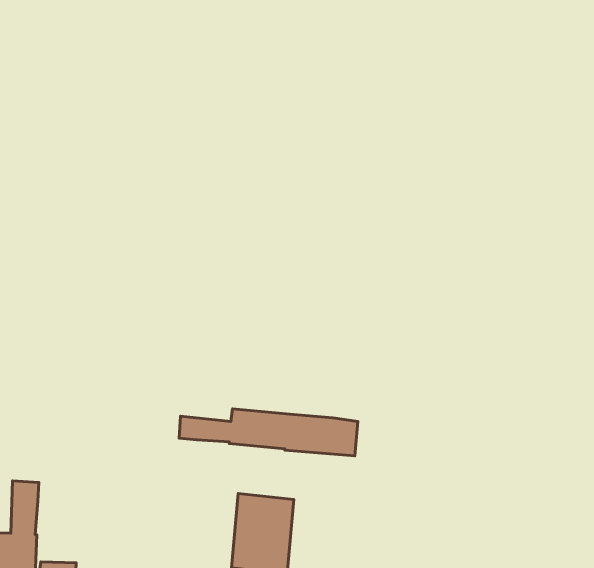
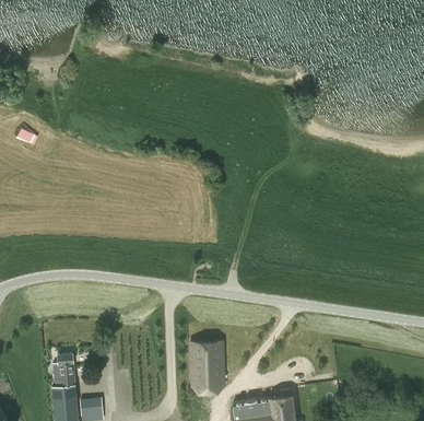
building: [179,409,358,456] -> none

